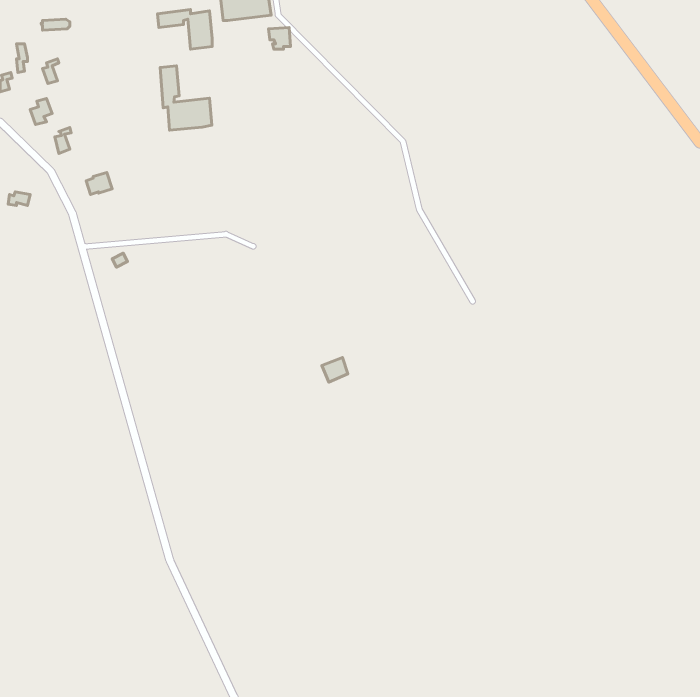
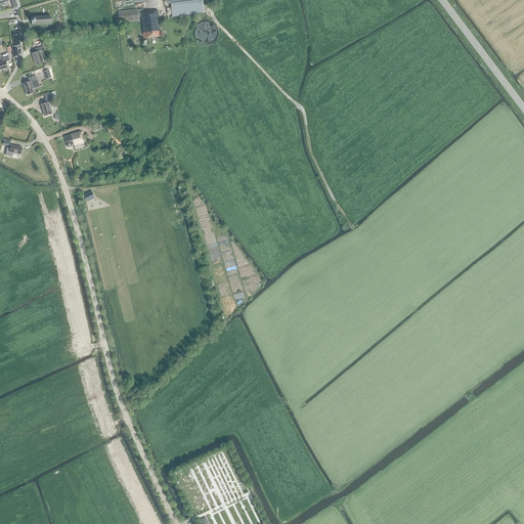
building: [160,66,212,130] -> none

